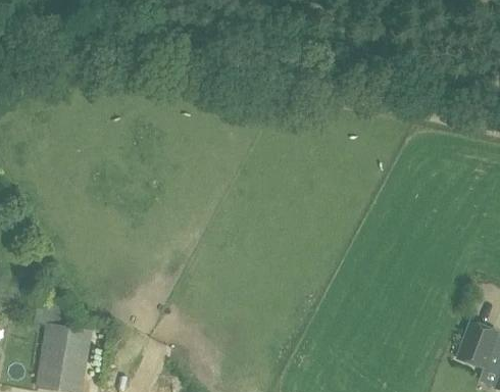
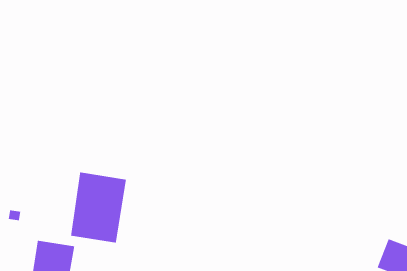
building: none -> [70,171,127,243]

